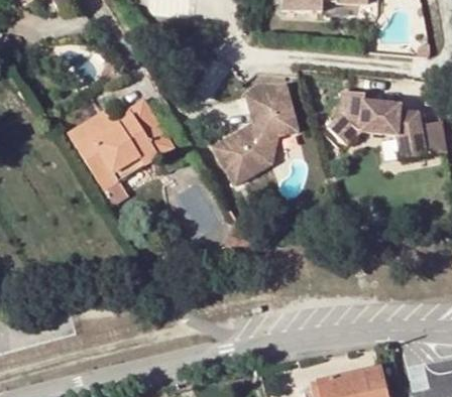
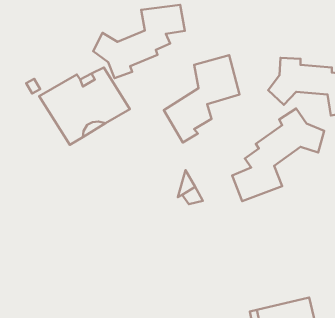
building: none -> [93,5,185,78]
building: none -> [232,108,324,201]

